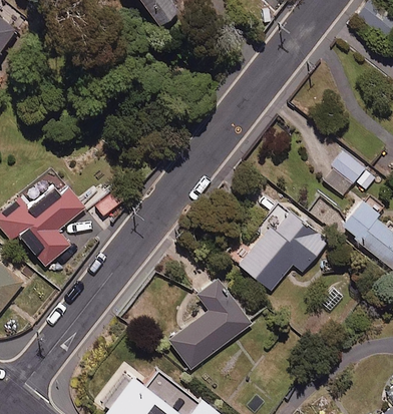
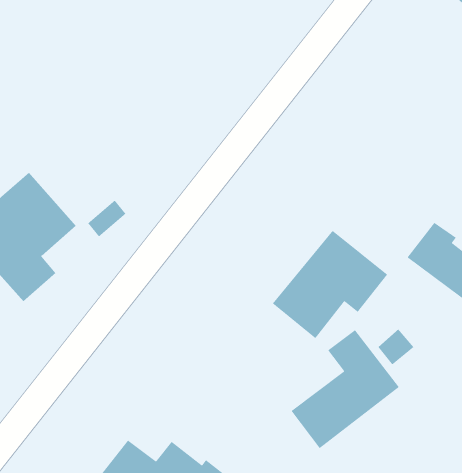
building: [321,149,376,194] -> none
building: [170,278,254,369] -> [290,329,400,449]

